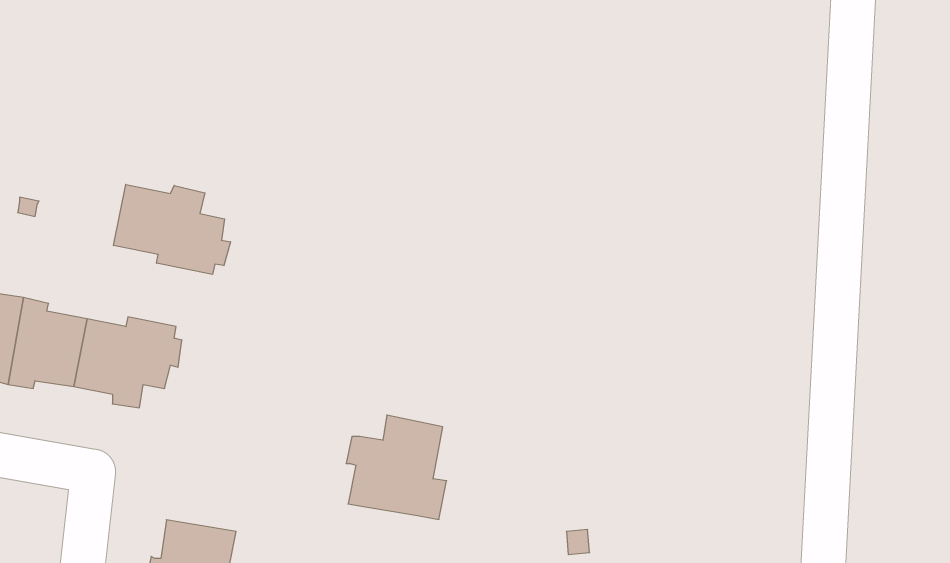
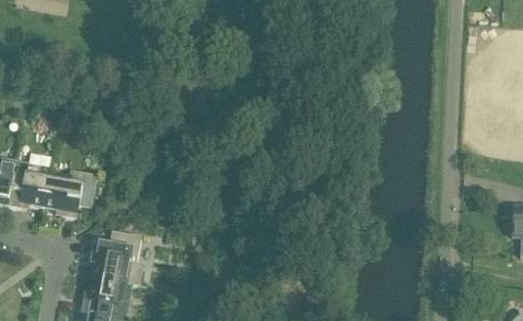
building: [114,184,231,274] -> none
building: [346,415,447,519] -> [90,231,143,286]

